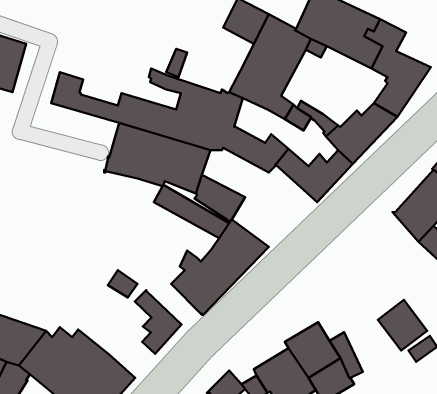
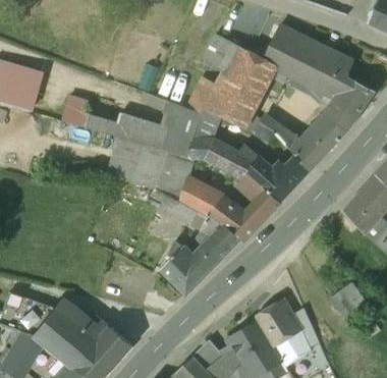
building: none -> [188,76,221,111]
building: none -> [211,170,281,240]
building: [135,290,182,354] -> none

